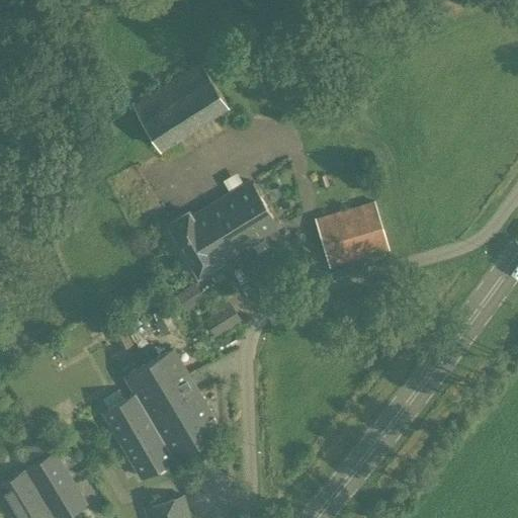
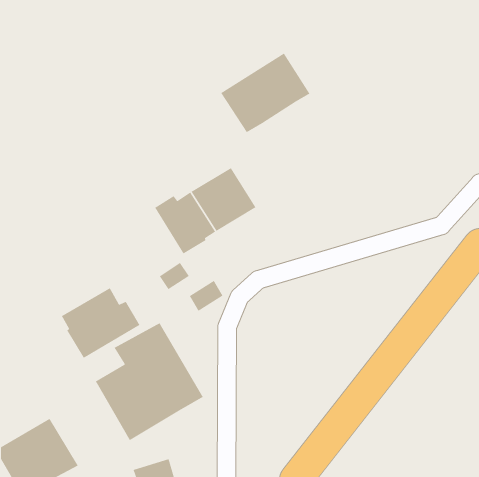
building: [133,65,230,152] -> [220,52,310,133]
building: [315,203,387,267] -> none
building: none -> [61,287,141,359]

